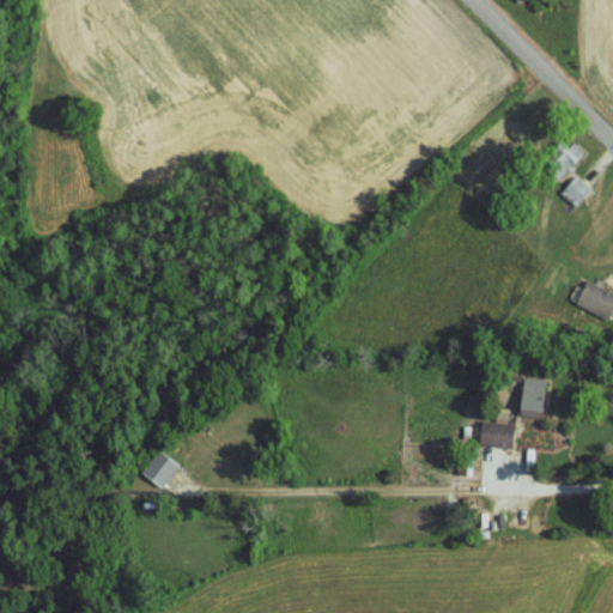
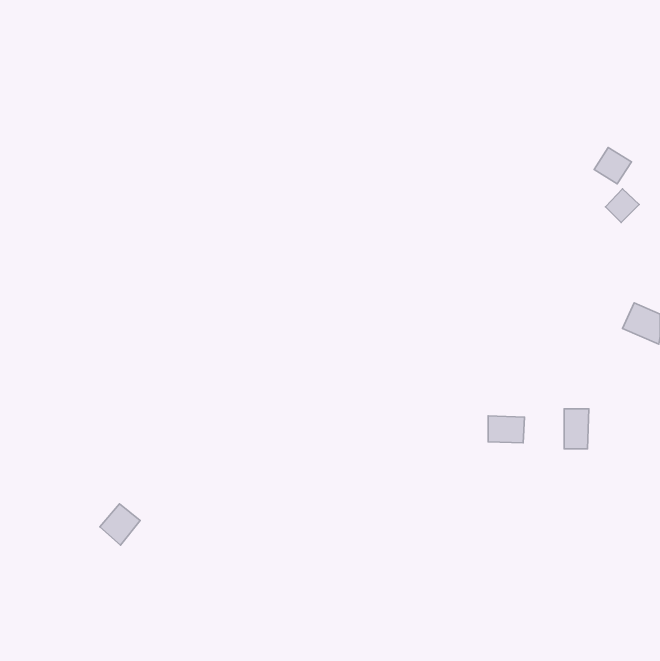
building: [481,421,515,447] -> [488,416,525,443]
building: [141,449,178,487] -> [100,504,140,545]

